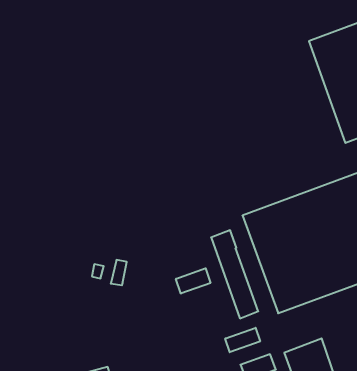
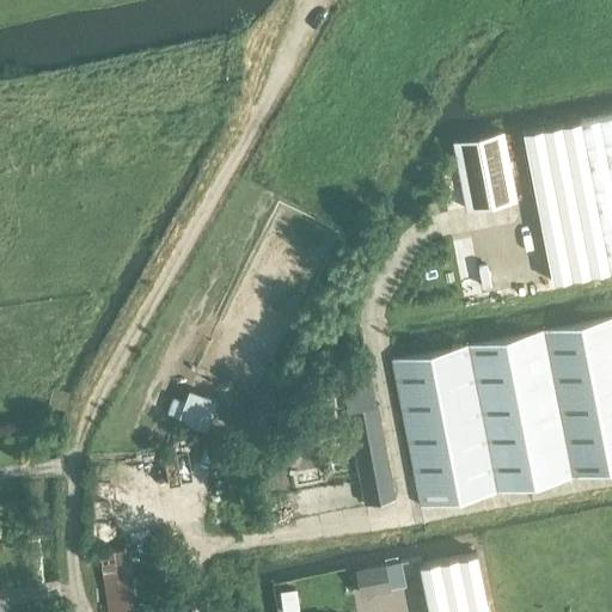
building: none -> [455,137,516,214]
building: [176,268,210,294] -> none
building: [225,328,260,352] -> none

